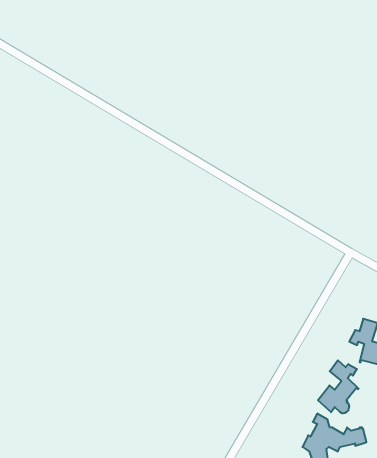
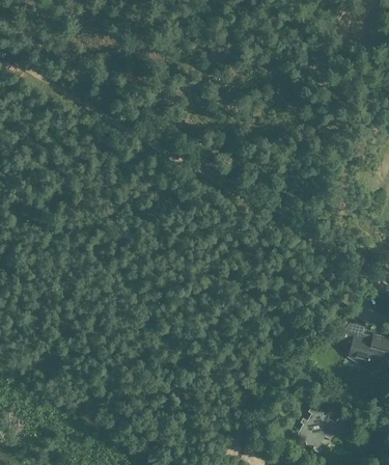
building: [318,360,359,413] -> none

